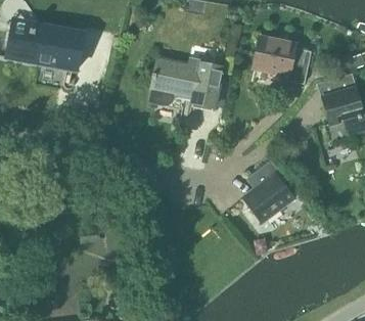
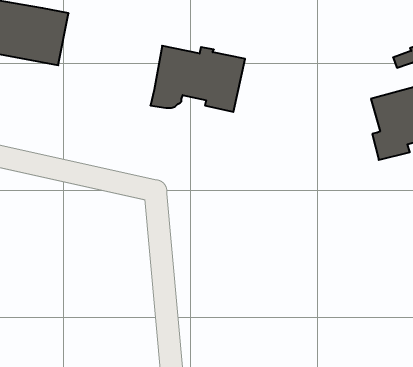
building: [253,34,311,83] -> none
building: [242,161,294,222] -> none

